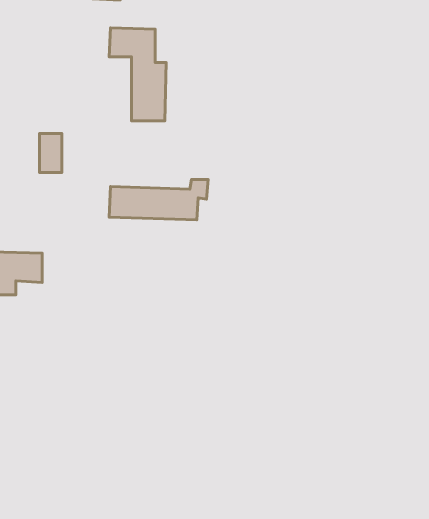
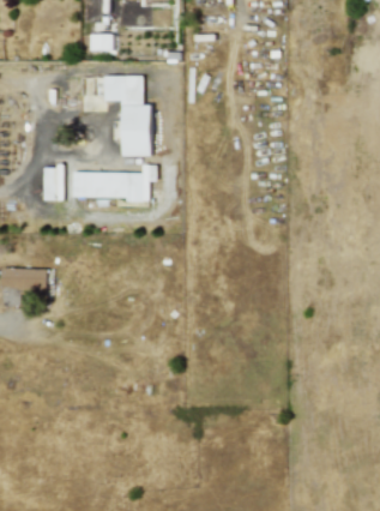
building: [109,180,208,220] -> [72,164,157,199]

